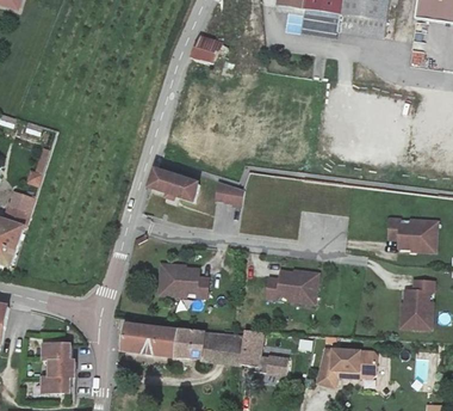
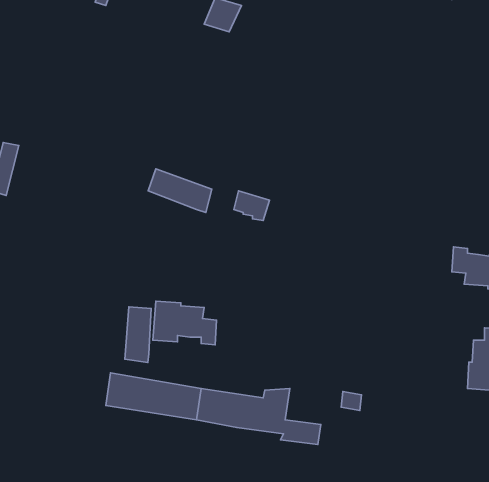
building: none -> [125,307,151,363]
building: [265,274,316,307] -> none
building: [50,343,82,392] -> none
building: [316,349,376,388] -> none

